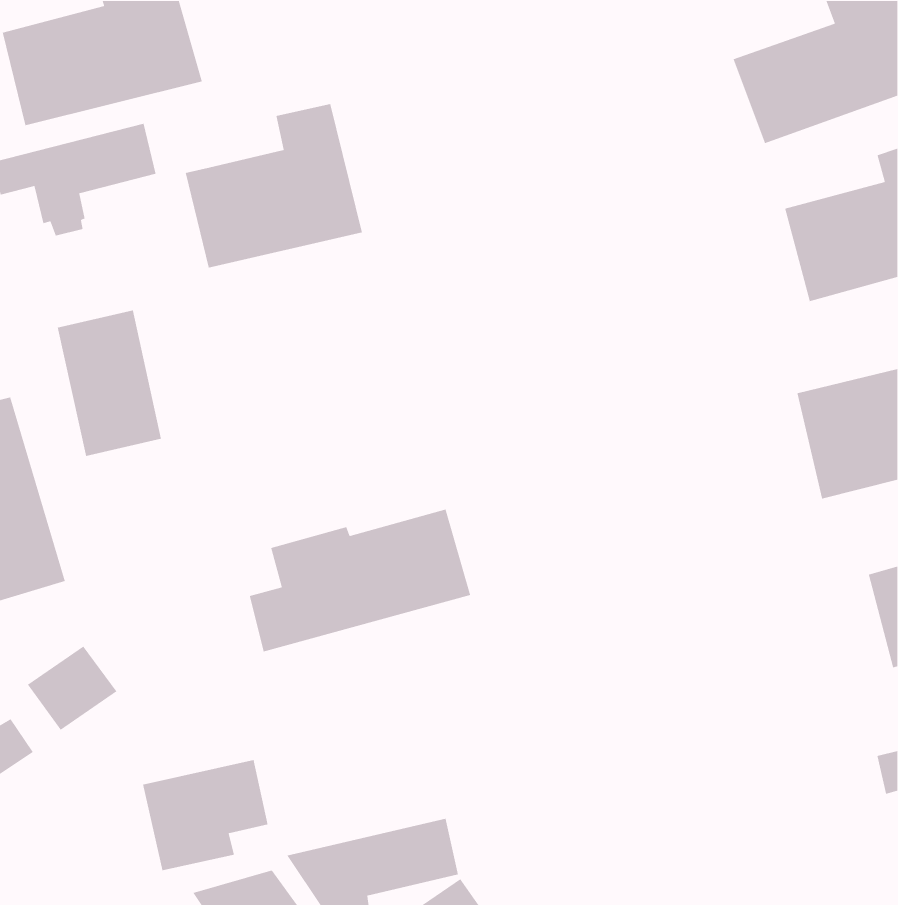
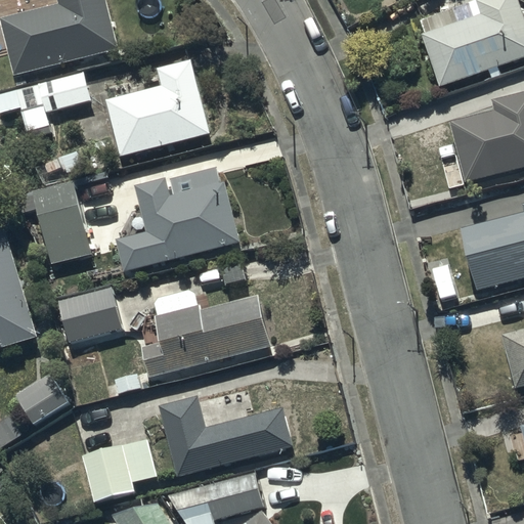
building: none -> [118,170,239,269]
building: none -> [57,286,122,345]
building: none -> [160,395,293,478]

